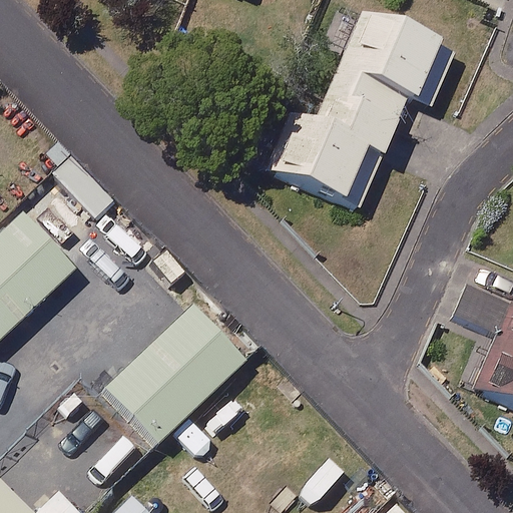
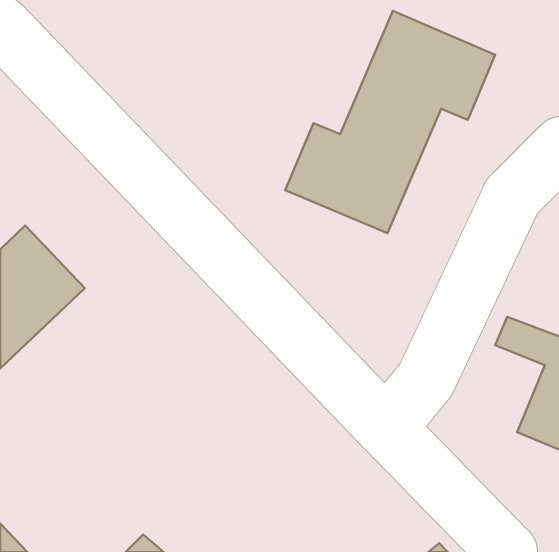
building: [109,304,245,439] -> none

